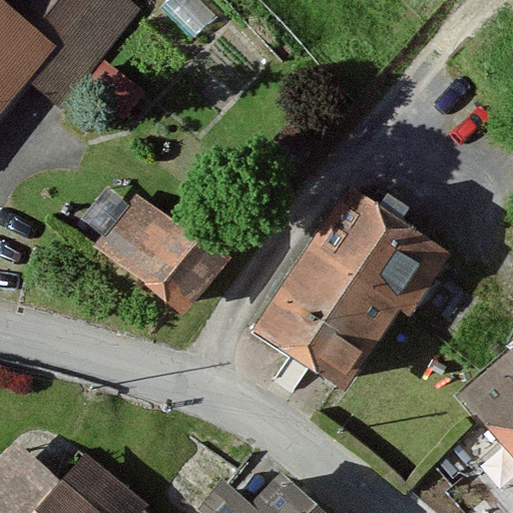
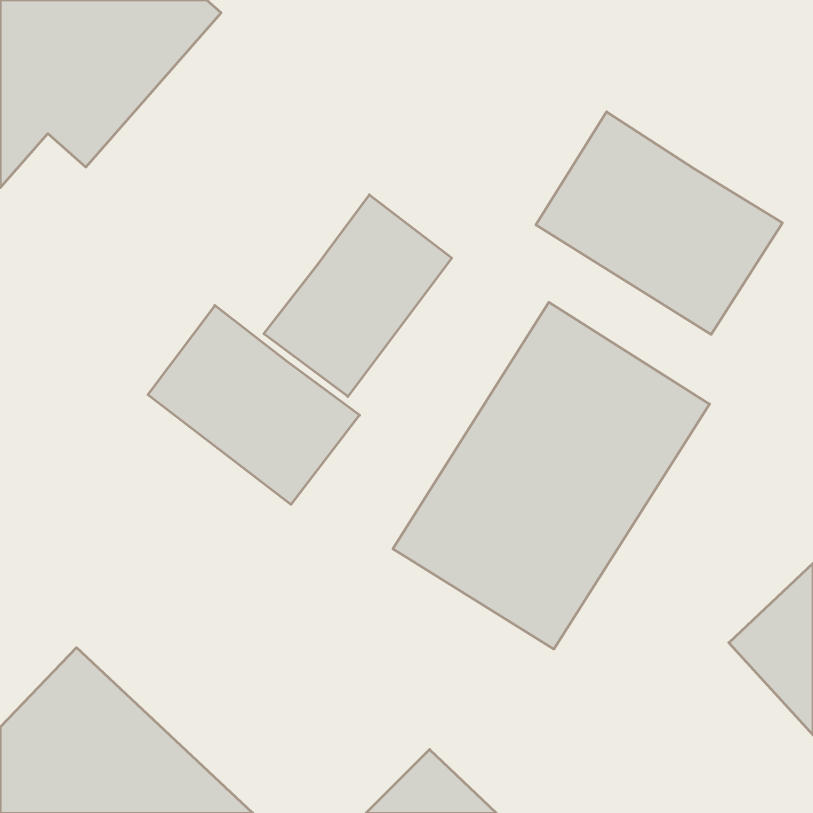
building: none -> [536,112,782,334]
building: none -> [264,195,452,397]

